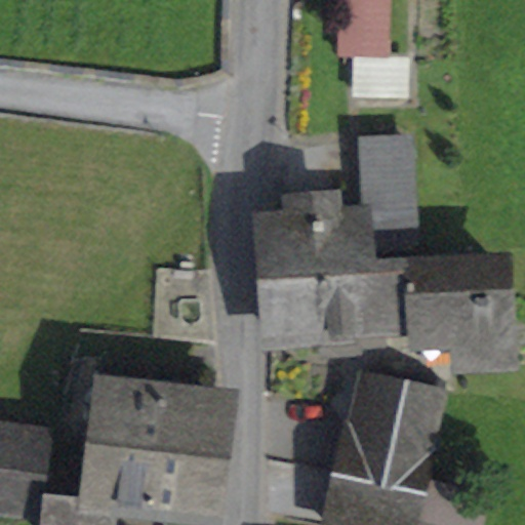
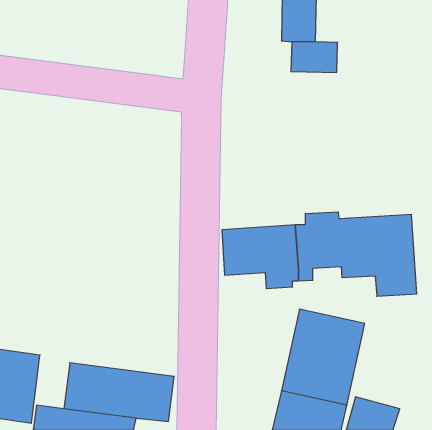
building: [264,135,409,277] -> none
building: [84,355,220,453] -> none

